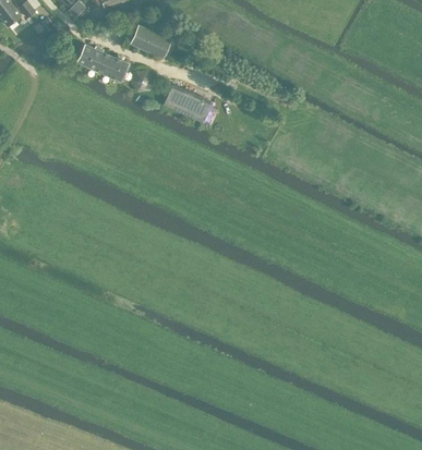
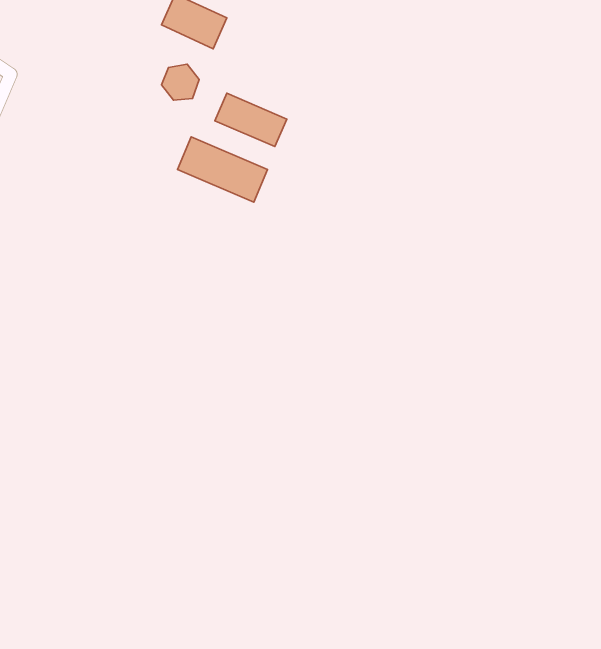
building: [77,44,128,81] -> none
building: none -> [177,137,268,202]

